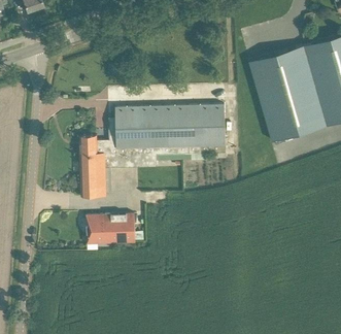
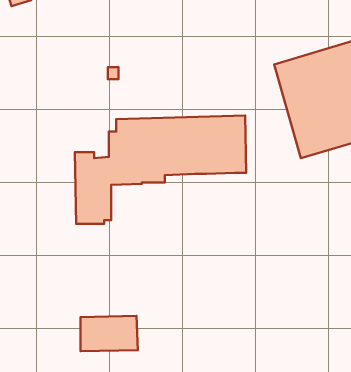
building: [87,213,135,243] -> [81,316,138,351]

